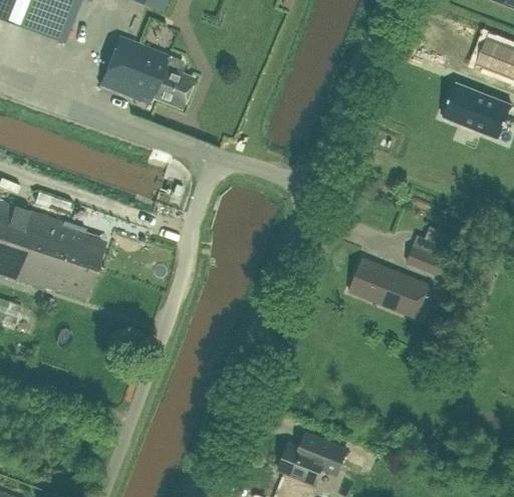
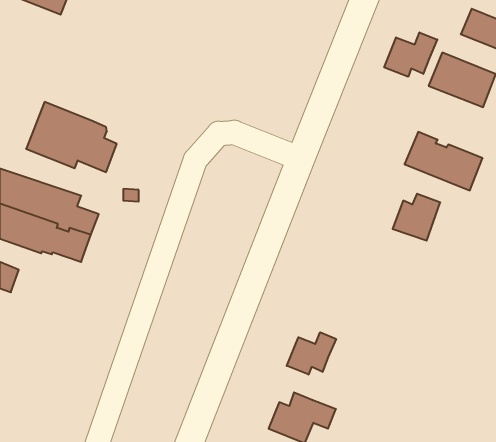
building: [98,35,192,107] -> [26,102,117,172]
building: none -> [384,32,437,77]
building: [348,257,429,317] -> [404,132,483,190]
building: none -> [287,332,336,375]

